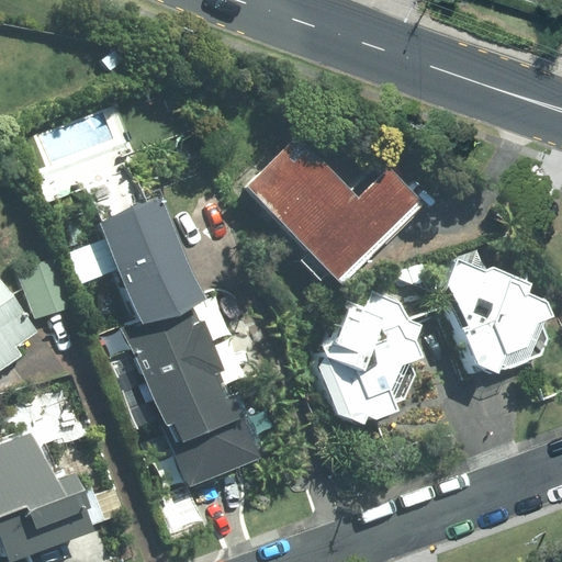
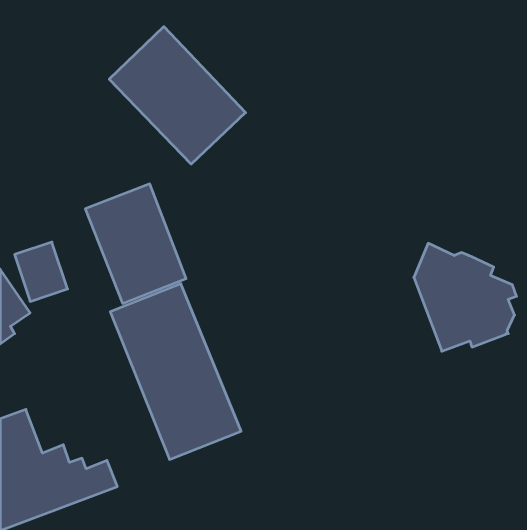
building: none -> [109,27,246,164]
building: [249,143,422,284] -> none
building: [318,283,419,423] -> none

